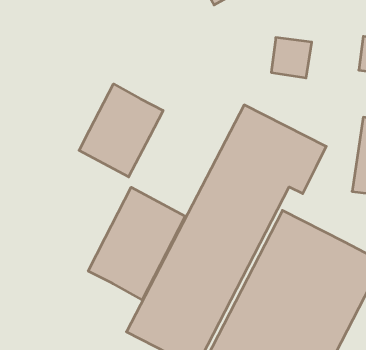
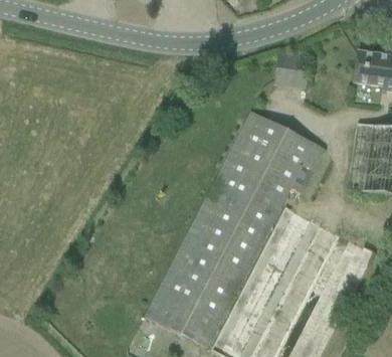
building: [79,84,163,177] -> none
building: [88,187,185,300] -> none

